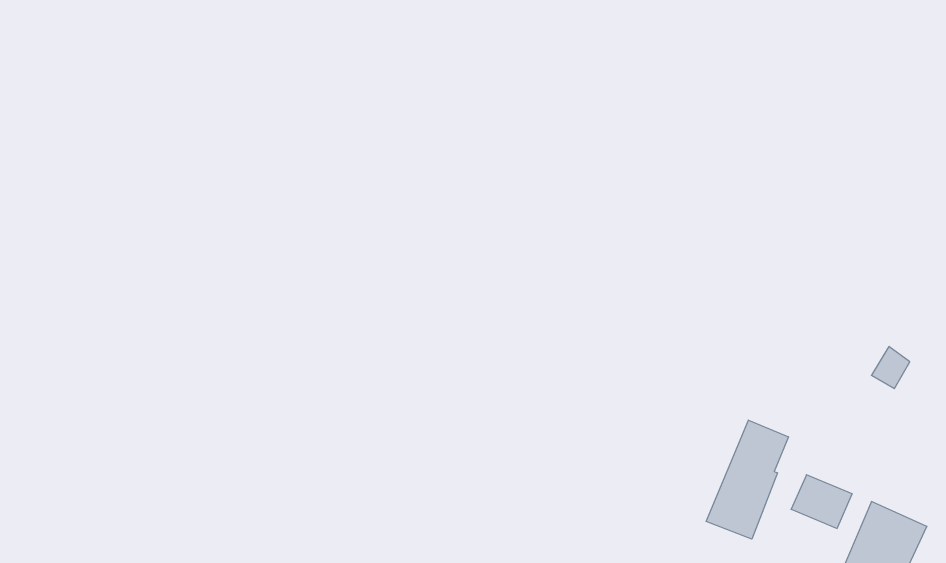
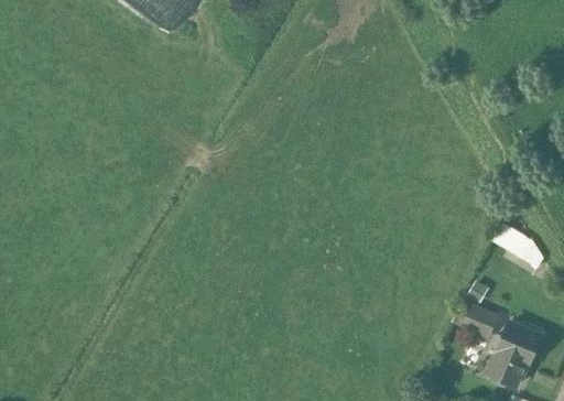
building: [706,420,788,539] -> none

